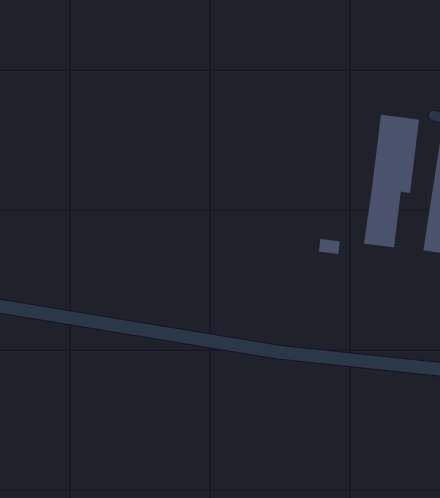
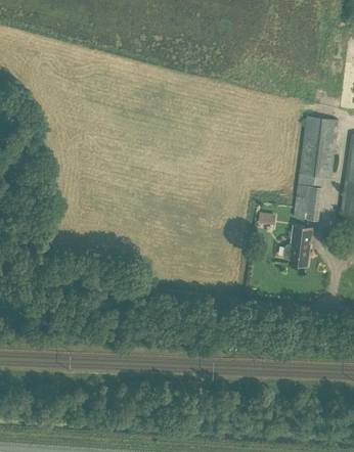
building: none -> [285,226,311,266]

